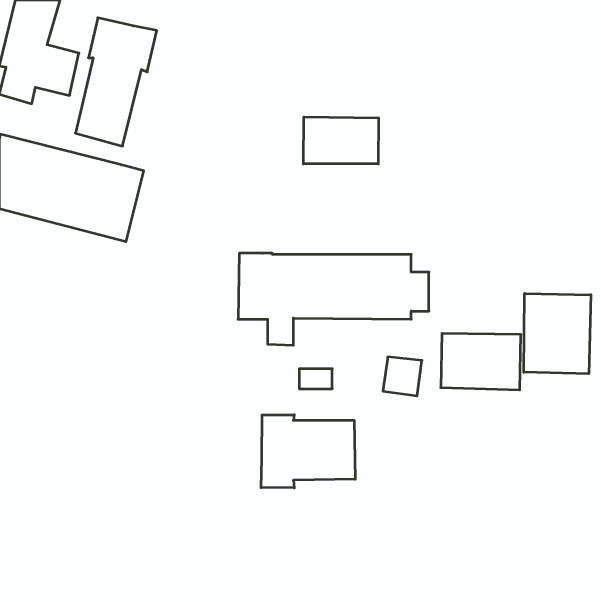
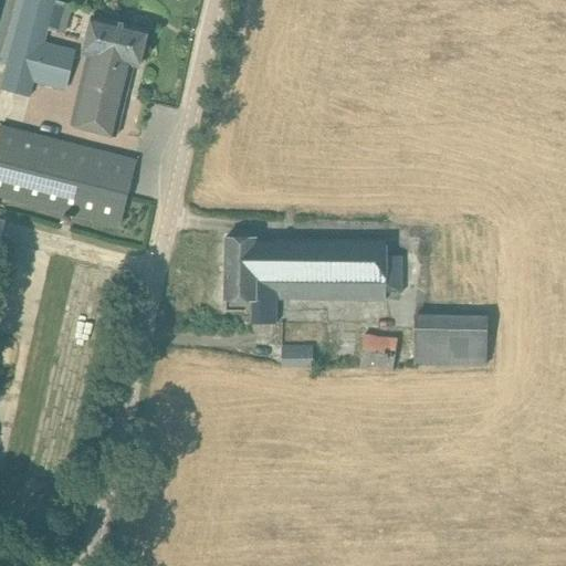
building: [303,117,379,164] -> none
building: [524,293,591,374] -> none
building: [261,415,355,488] -> none

